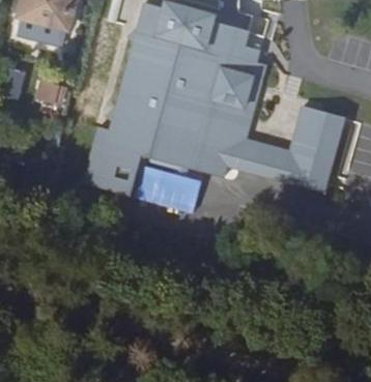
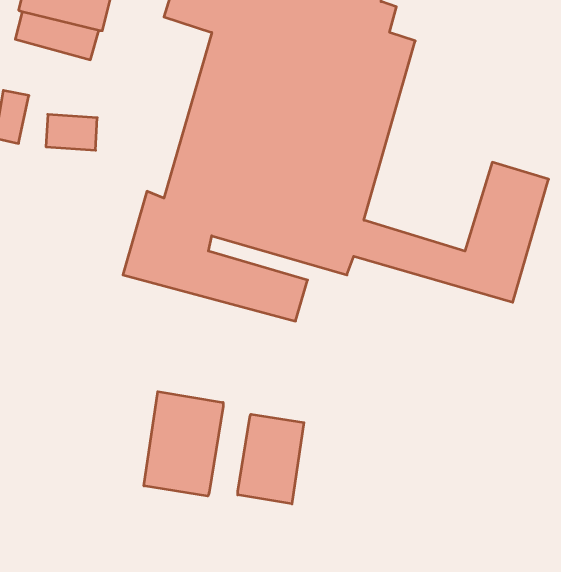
building: none -> [144,392,223,496]
building: none -> [238,414,304,504]

